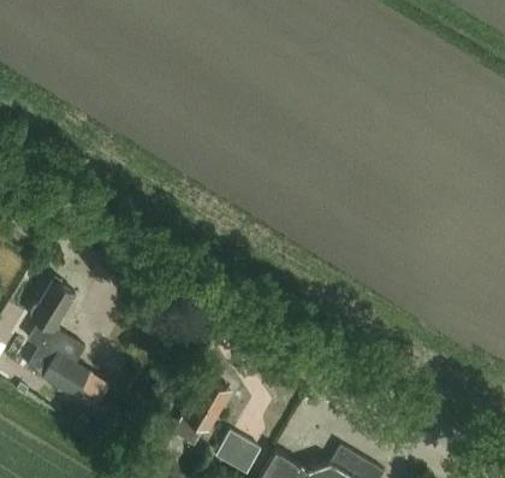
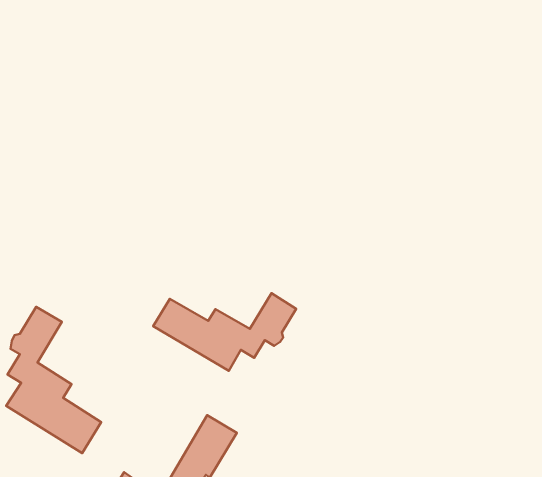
building: none -> [153,293,296,371]

